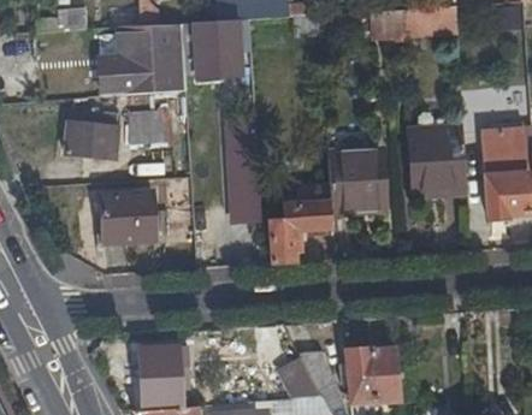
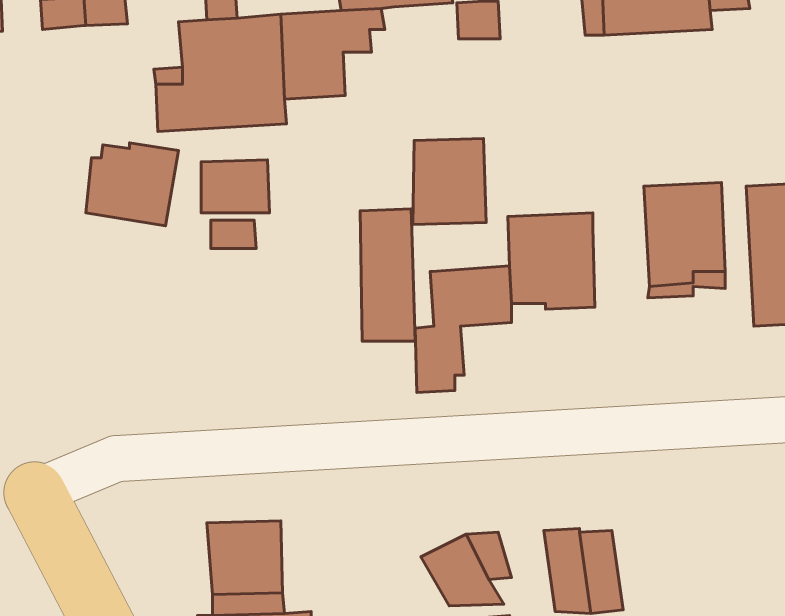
building: none -> [413,139,486,225]
building: [97,190,154,243] -> none

